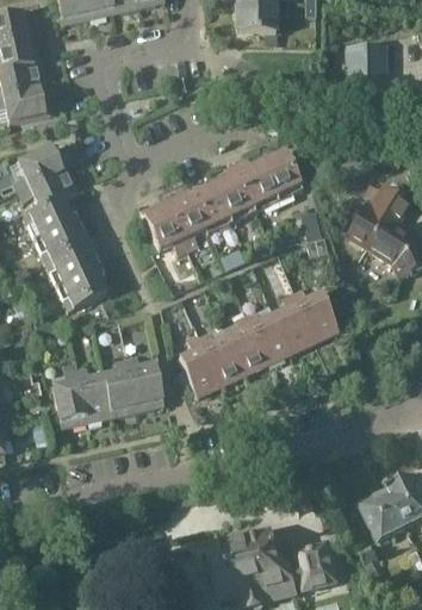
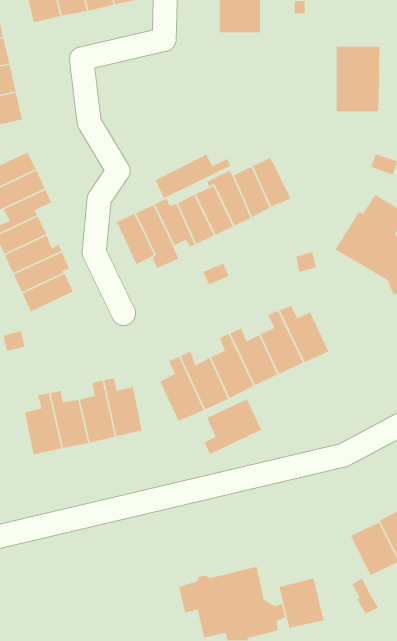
building: none -> [155,153,232,199]
building: [58,274,107,311] -> none
building: none -> [203,398,262,455]

